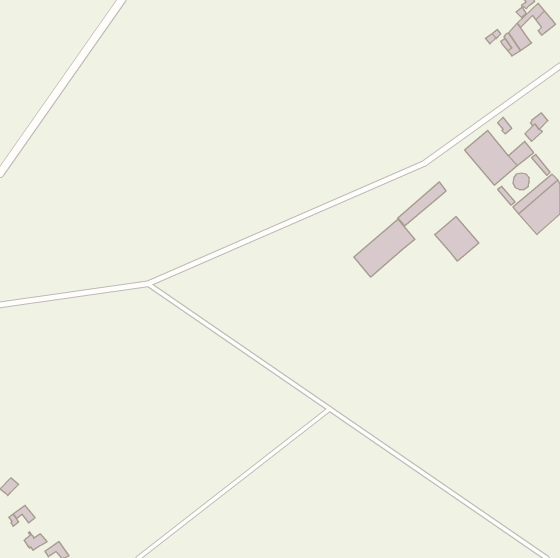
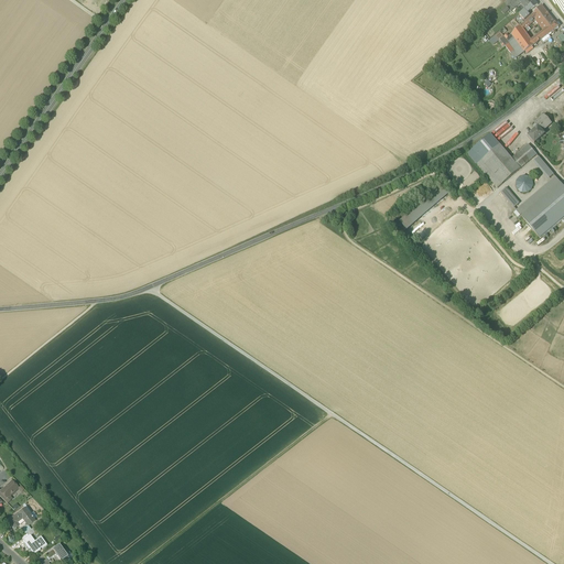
building: [435,217,479,261] -> none
building: [354,219,415,277] -> none

